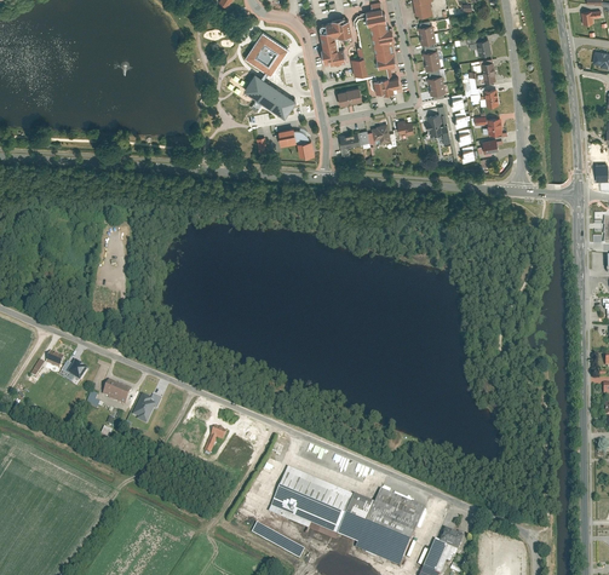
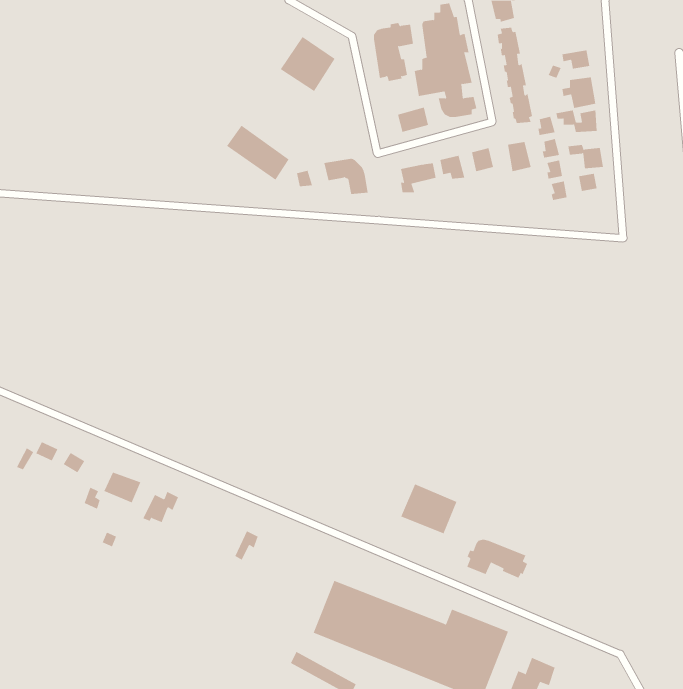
building: [245,73,295,117] -> [226,125,289,181]
building: none -> [400,484,457,534]
building: none -> [467,539,528,578]

